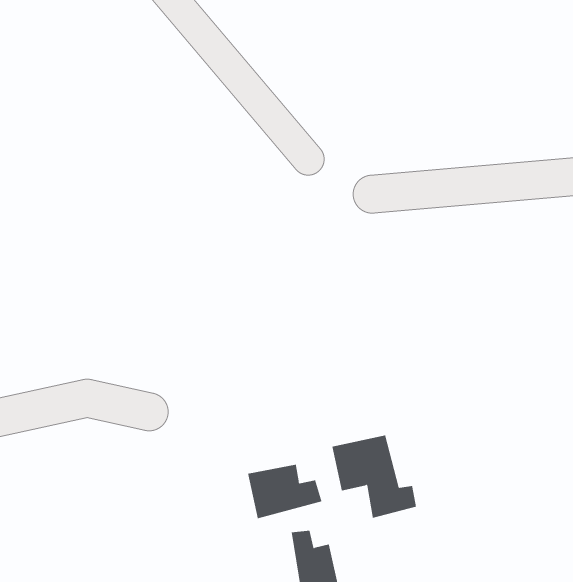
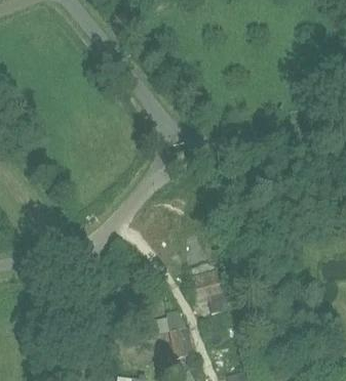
building: [247,464,322,519] -> none

